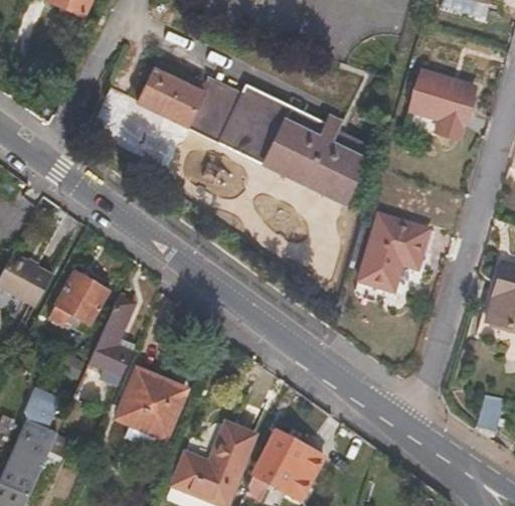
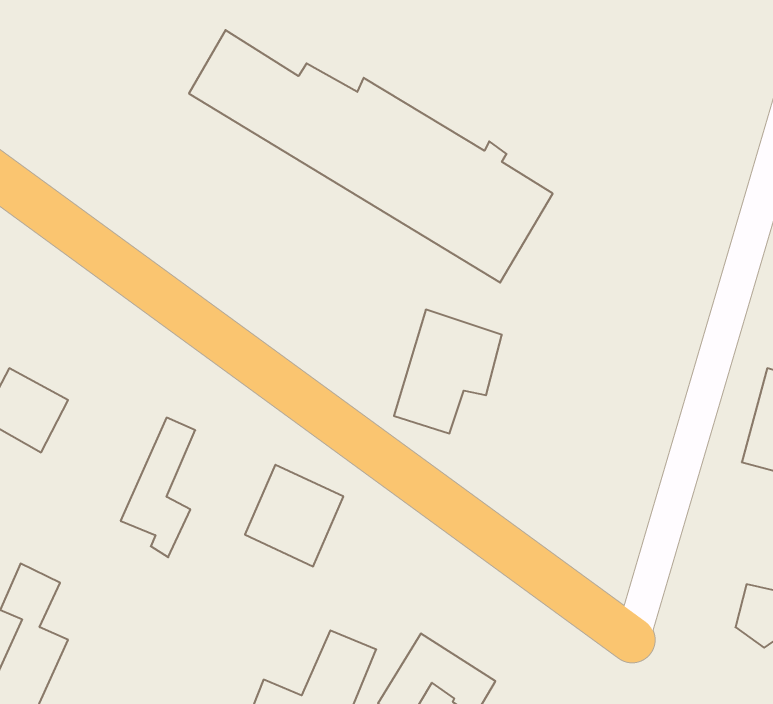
building: [410,67,476,138] -> none
building: [358,211,426,290] -> [394,310,502,433]
building: [55,274,116,330] -> none
building: [118,376,180,441] -> [245,465,343,566]

